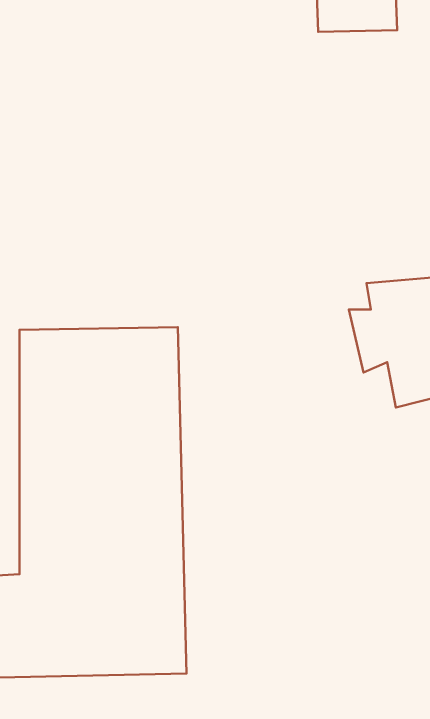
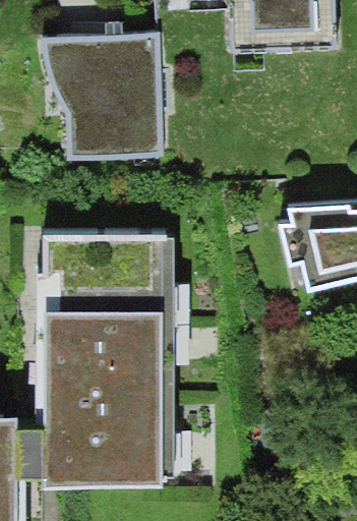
building: none -> [46,40,159,162]

